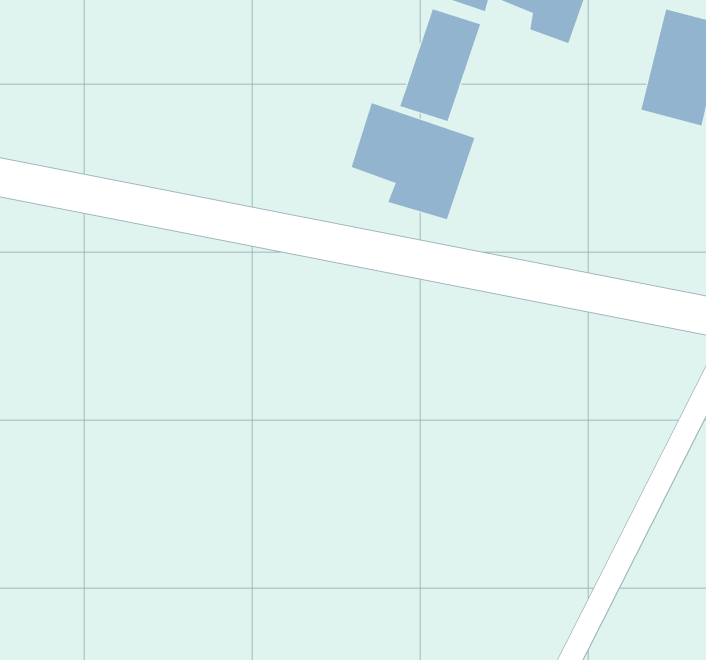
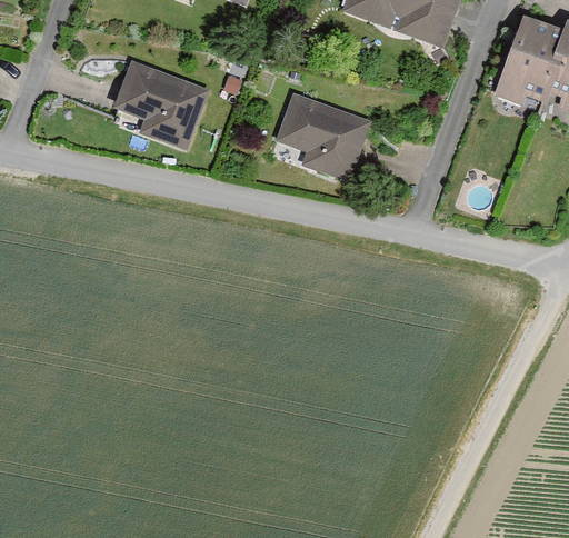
building: [399,8,481,122] -> none
building: none -> [116,60,207,150]

